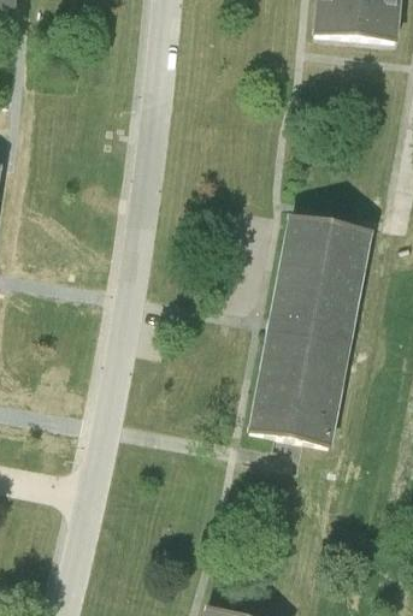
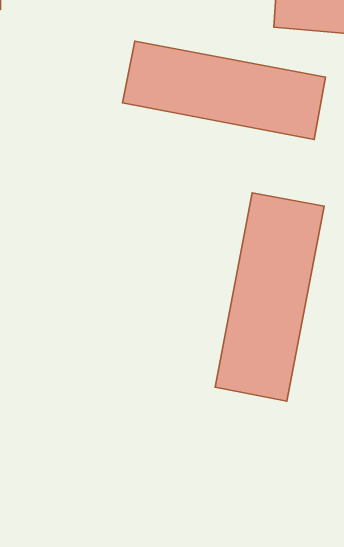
building: none -> [122,41,325,139]

